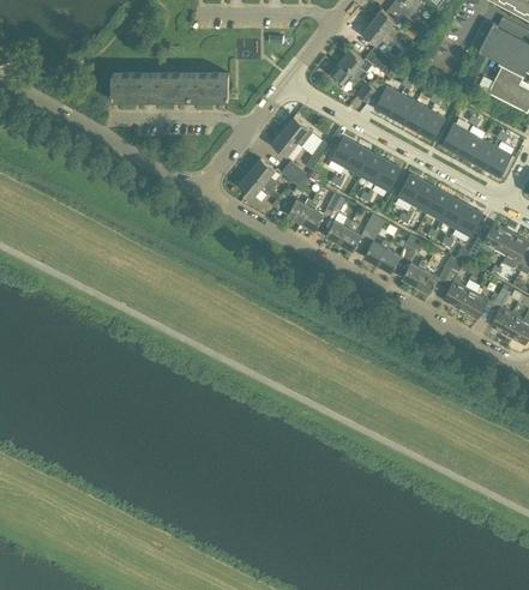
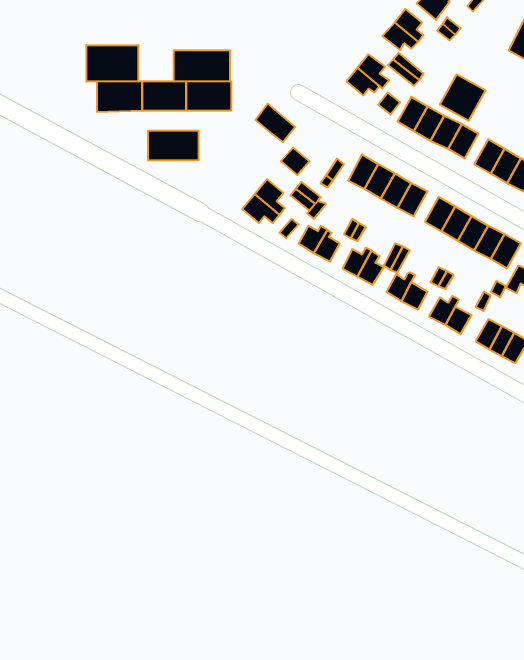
building: none -> [86,45,138,82]
building: none -> [174,50,230,82]
building: none -> [440,74,486,121]
building: none -> [148,131,199,160]
building: [283,116,318,150] -> [255,104,295,142]

